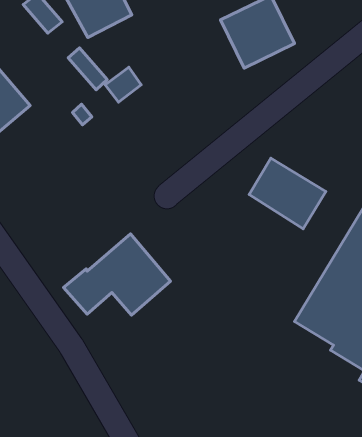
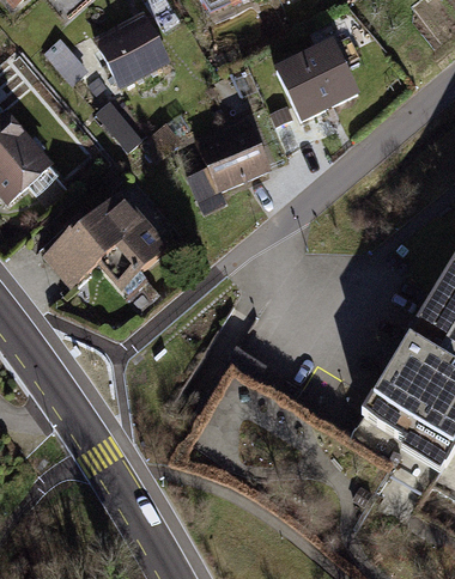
building: none -> [186,114,271,211]
building: [249,158,326,229] -> none
building: [64,234,170,315] -> [42,191,166,286]

